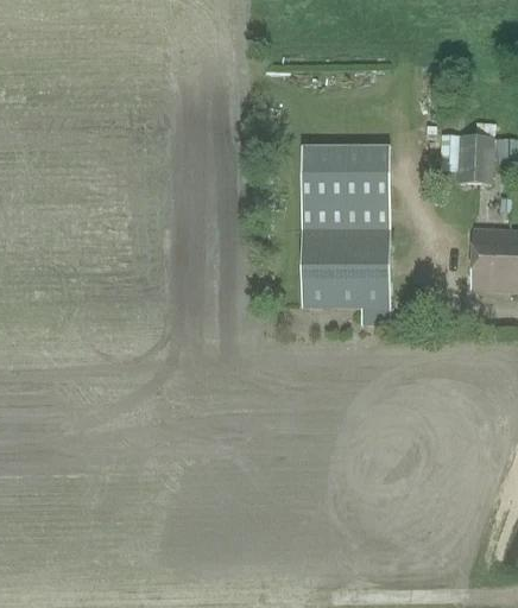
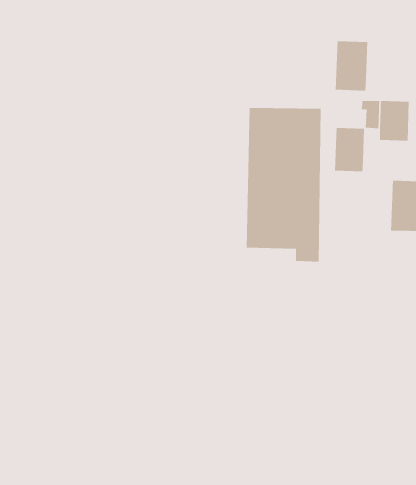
building: none -> [335,41,368,91]
building: none -> [334,127,365,172]

